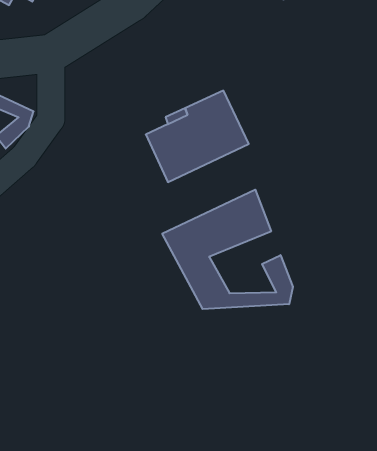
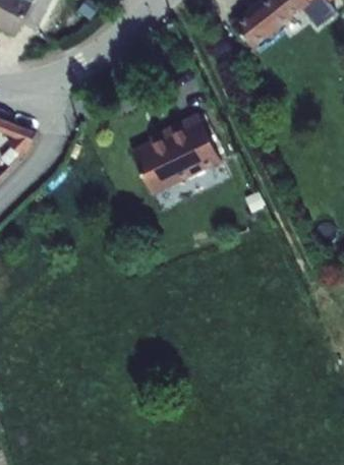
building: [162,190,293,309] -> none

